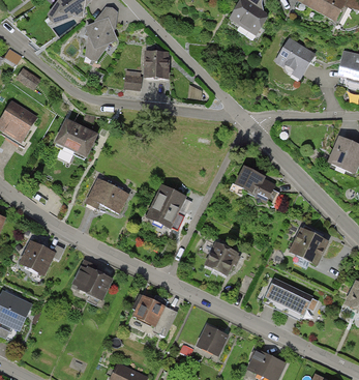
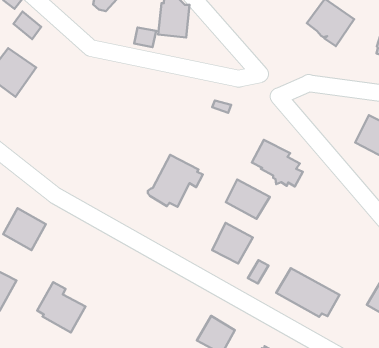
building: [54,119,98,158] -> none
building: [85,177,130,214] -> none
building: none -> [226,179,270,219]
building: [288,227,329,266] -> none
building: [71,259,114,302] -> [37,282,85,333]
building: [132,295,177,338] -> none

